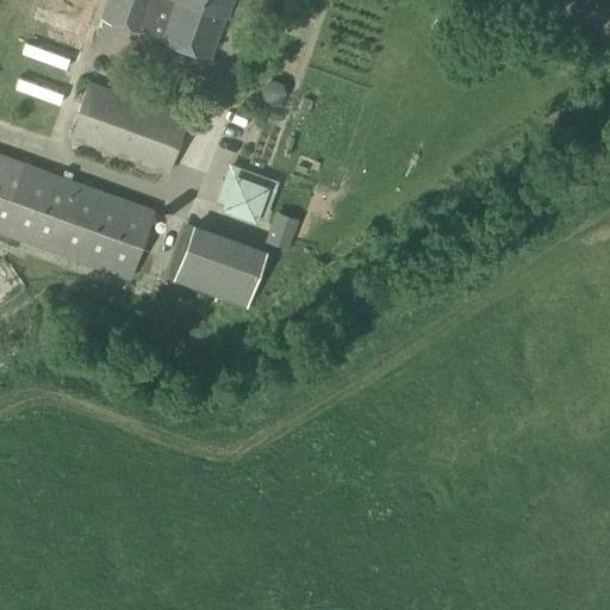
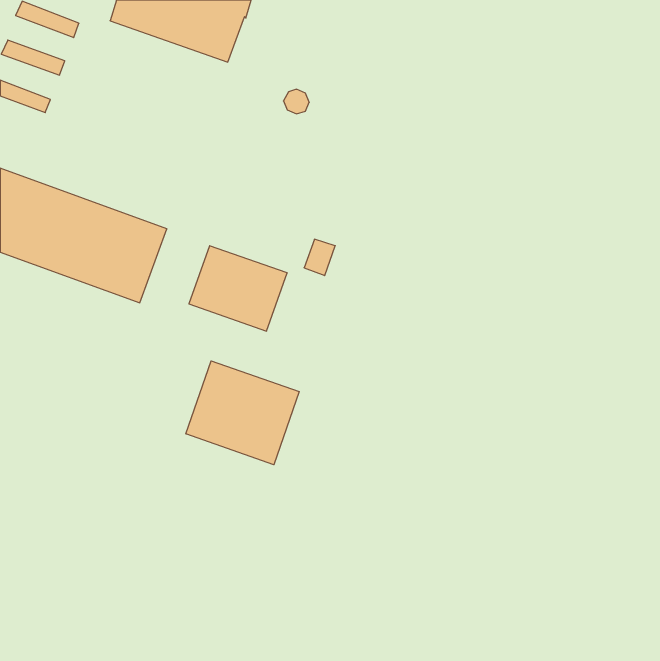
building: [69,82,188,173] -> none
building: [225,179,264,216] -> none
building: none -> [186,361,299,465]

